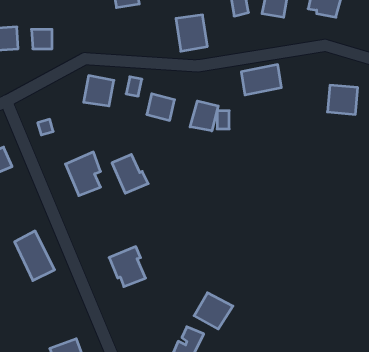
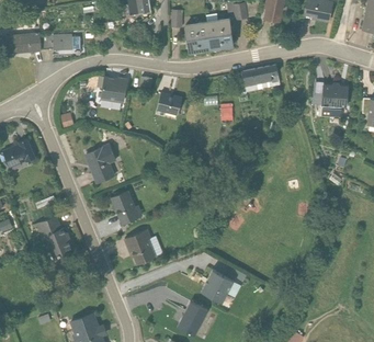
building: none -> [207,16,234,48]
building: [190,101,218,131] -> none
building: [112,154,148,193] -> [110,190,143,225]

